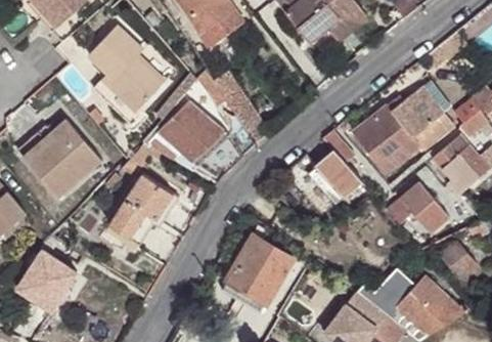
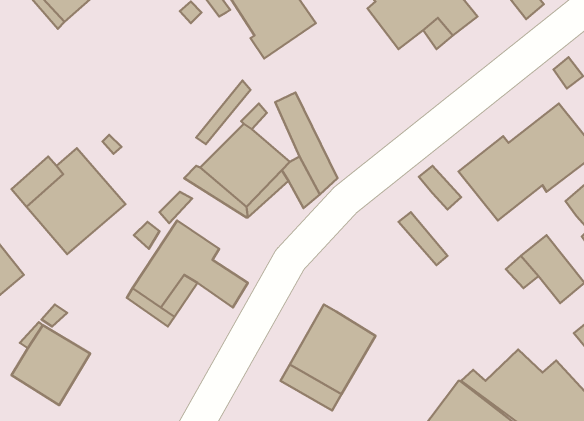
building: [88,23,163,120] -> none
building: [317,151,362,198] -> none

